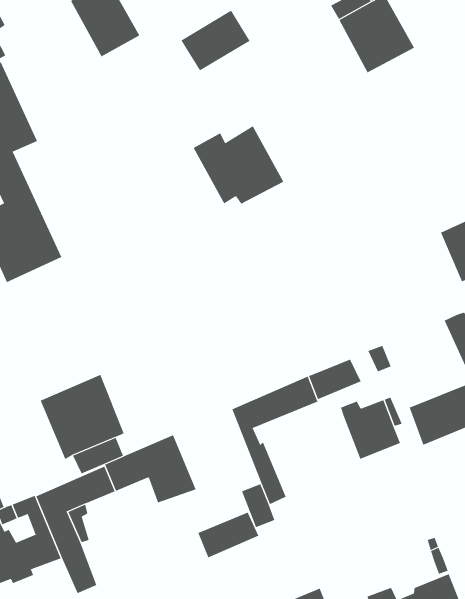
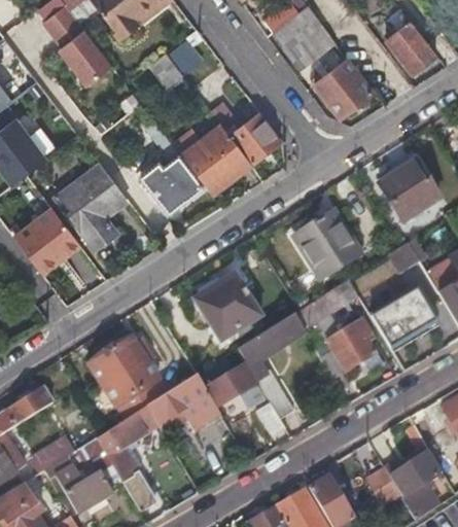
building: none -> [314,60,372,116]
building: none -> [209,92,279,164]
building: none -> [56,165,127,248]
building: none -> [150,156,201,210]
building: none -> [293,209,358,278]
building: none -> [190,270,259,338]
building: [197,512,259,558] -> [206,364,254,406]

